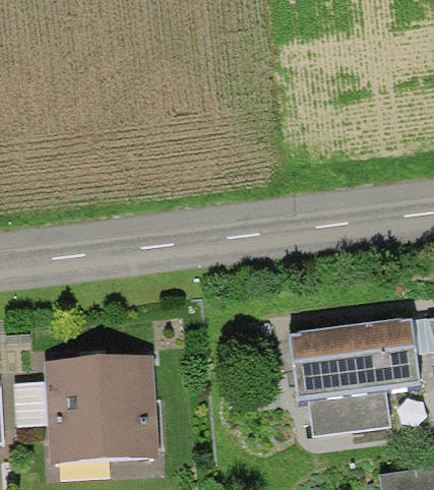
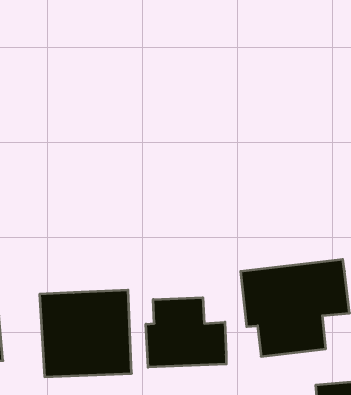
building: none -> [146,298,226,367]

